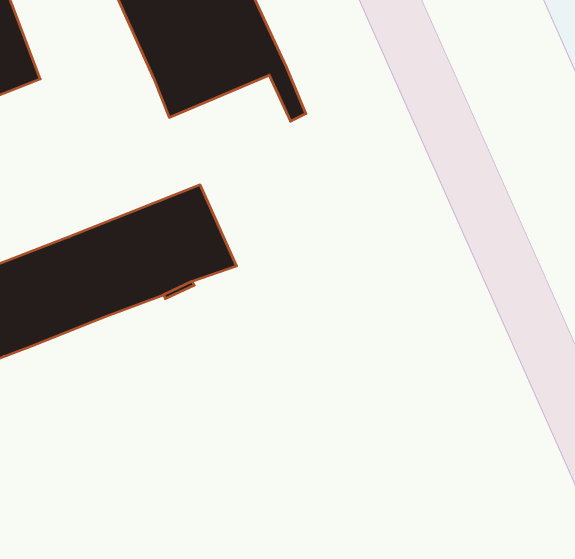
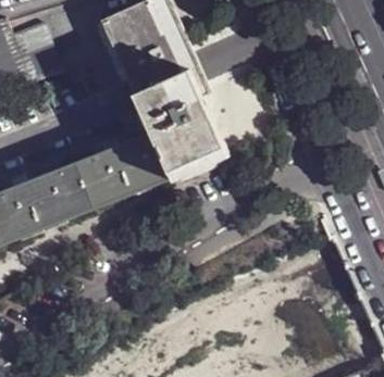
building: none -> [132,72,225,179]

